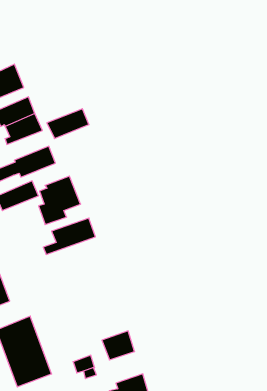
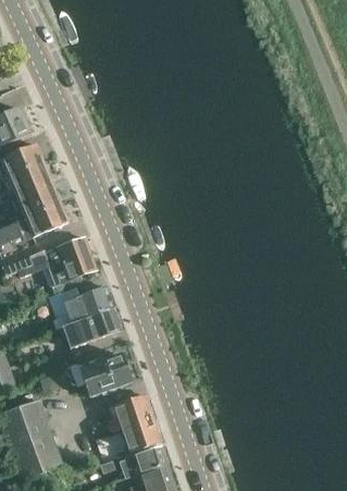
building: [47,109,89,139] -> [10,183,59,218]
building: none -> [55,307,121,348]
building: none -> [75,348,131,397]
building: none -> [107,394,151,428]
building: none -> [119,445,169,478]

